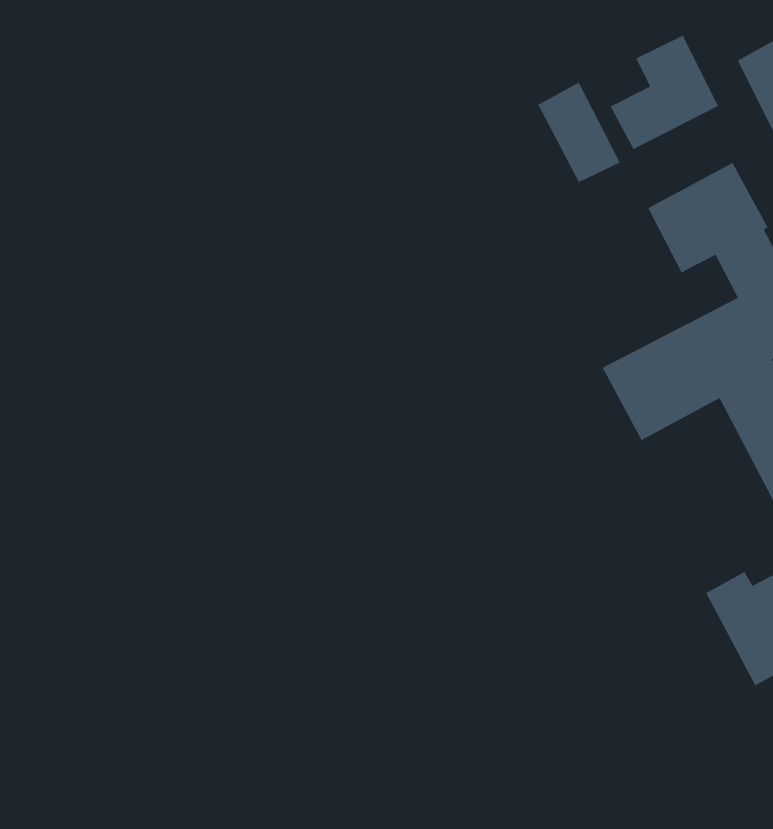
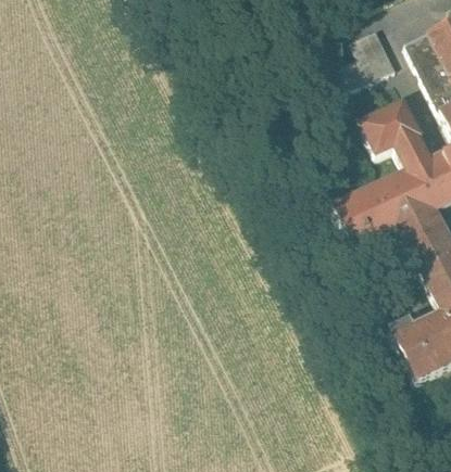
building: [537,82,621,183] -> none

